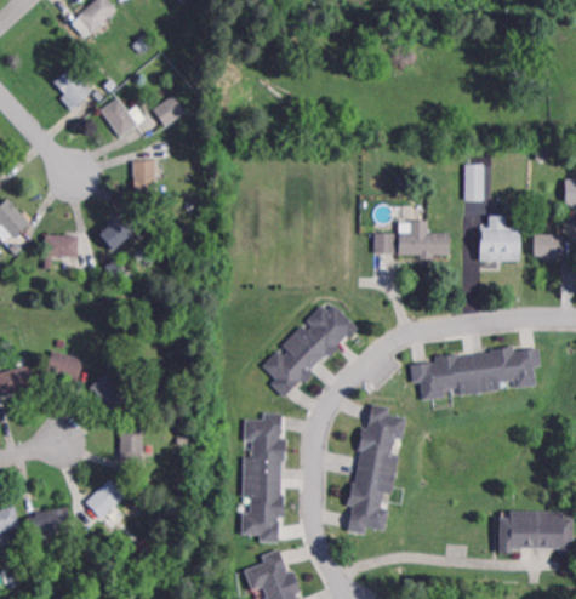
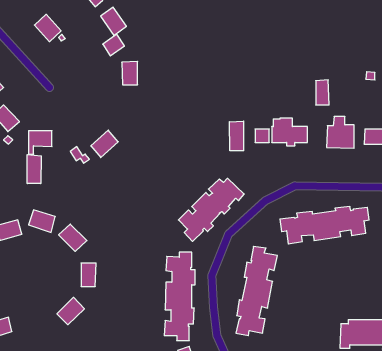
building: [98,98,136,139] -> [101,7,126,35]
building: [132,160,155,194] -> [122,61,138,85]
building: [97,212,137,252] -> [91,130,118,158]
building: none -> [229,121,244,151]
building: none -> [27,155,41,184]
building: [25,508,70,535] -> none

